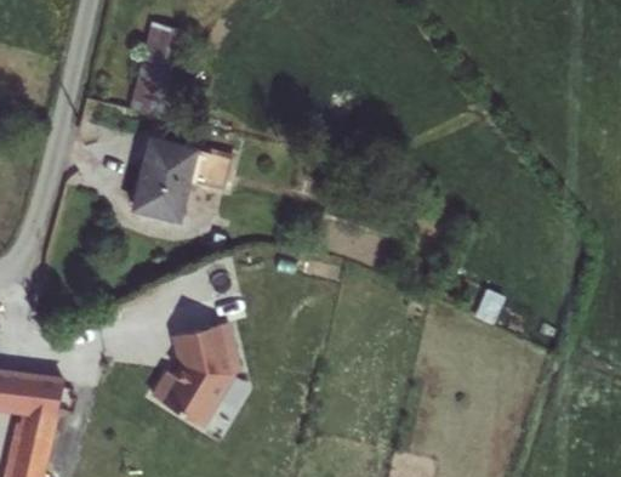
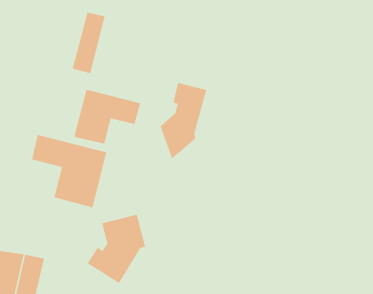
building: none -> [160,82,207,160]
building: none -> [31,134,107,208]

